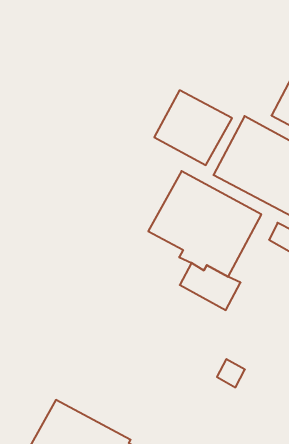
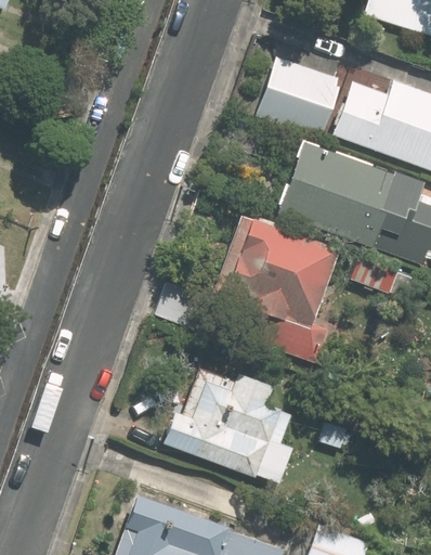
building: [154,90,232,165] -> [257,57,341,138]
building: none -> [166,366,282,478]

